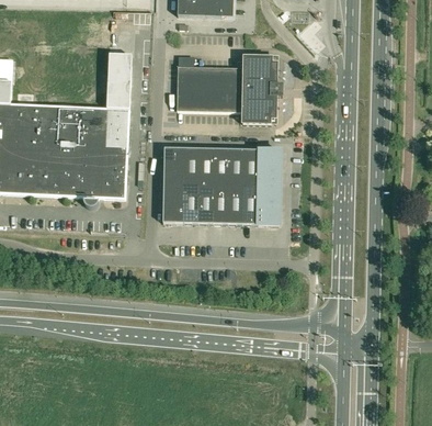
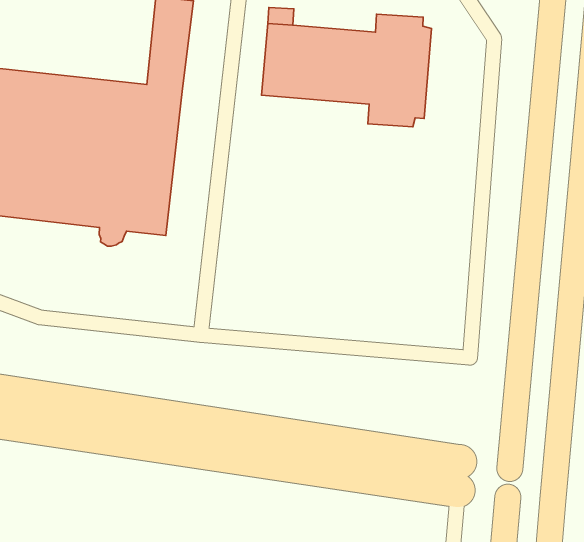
building: [162,146,281,223] -> none

